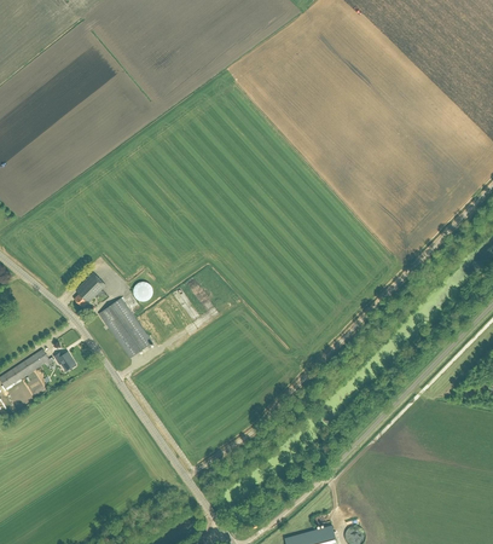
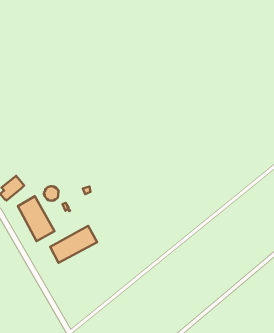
building: none -> [50,226,97,263]

